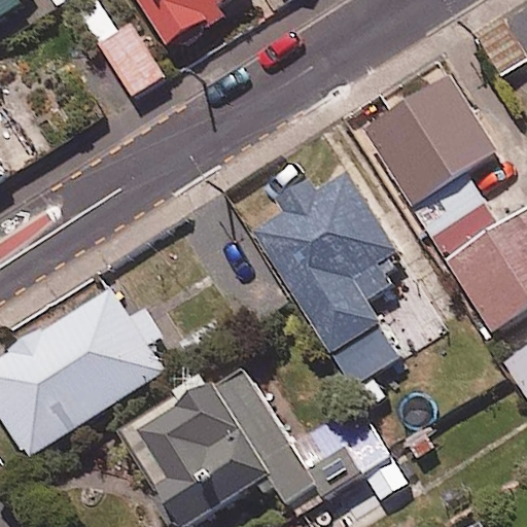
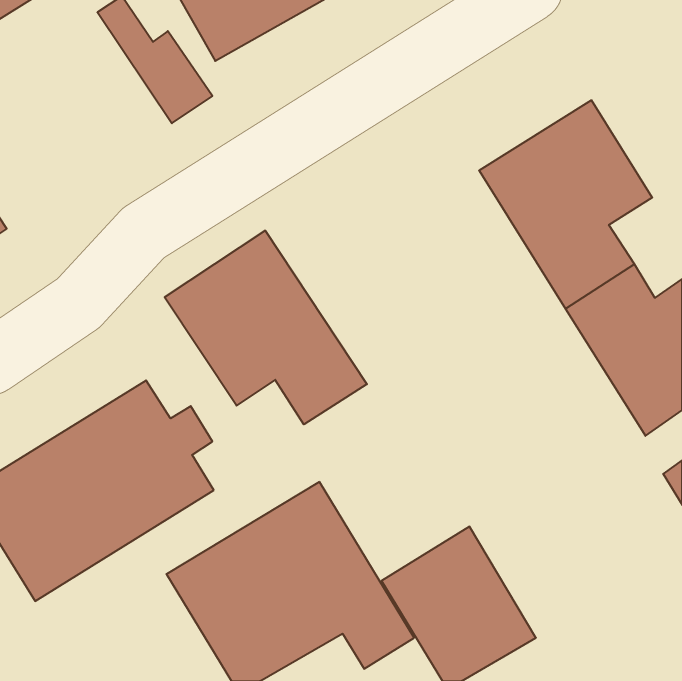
building: [251,168,410,383] -> none
building: none -> [165,230,367,424]

